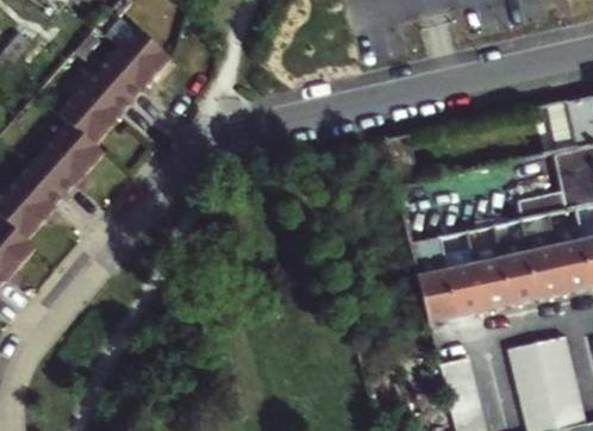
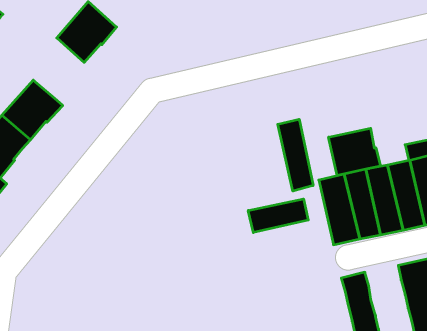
building: [56,71,127,145] -> none
building: none -> [278,119,313,191]
building: none -> [329,128,381,175]
building: none -> [248,199,308,233]

